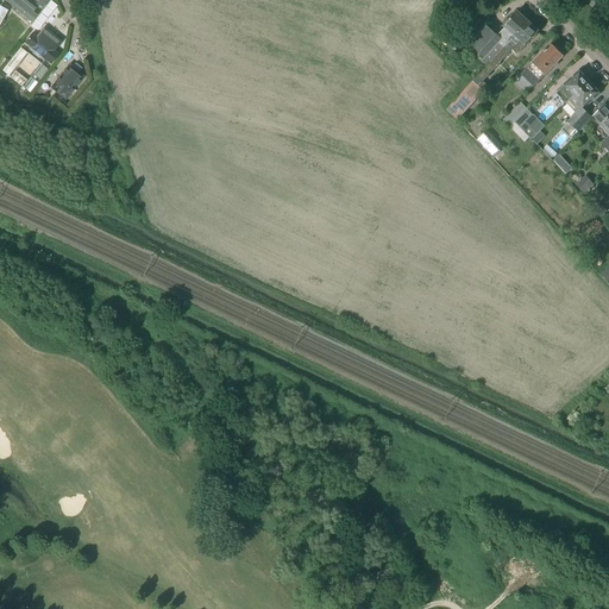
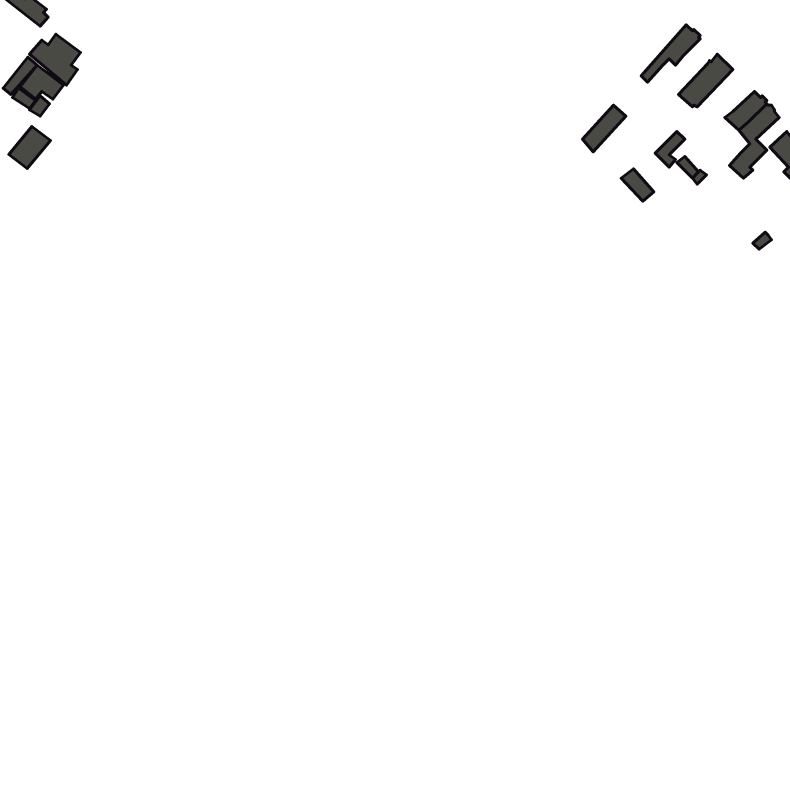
building: [462,10,528,64] -> none
building: [51,63,83,95] -> [9,127,51,168]

